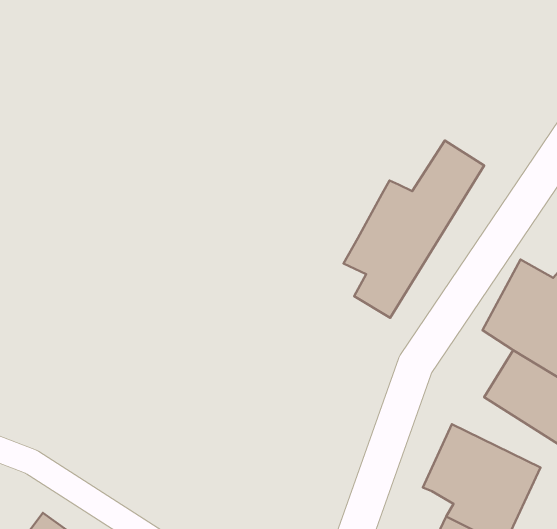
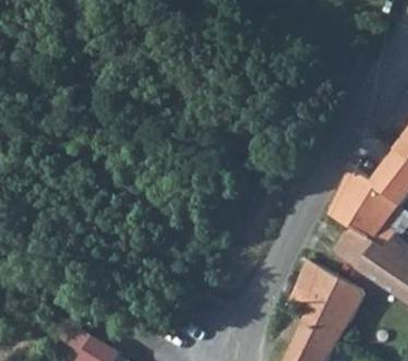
building: [343,140,484,318] -> none

